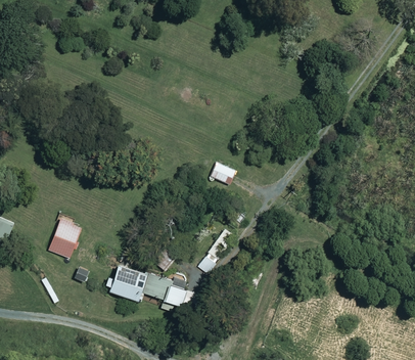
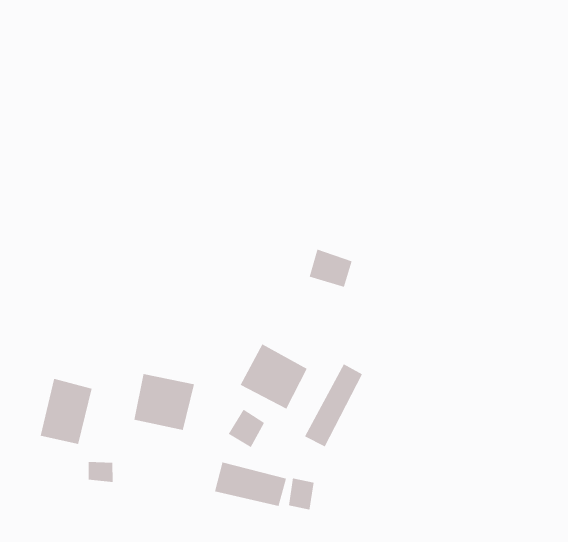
building: none -> [240,344,307,409]
building: [109,265,146,300] -> [133,373,195,431]

